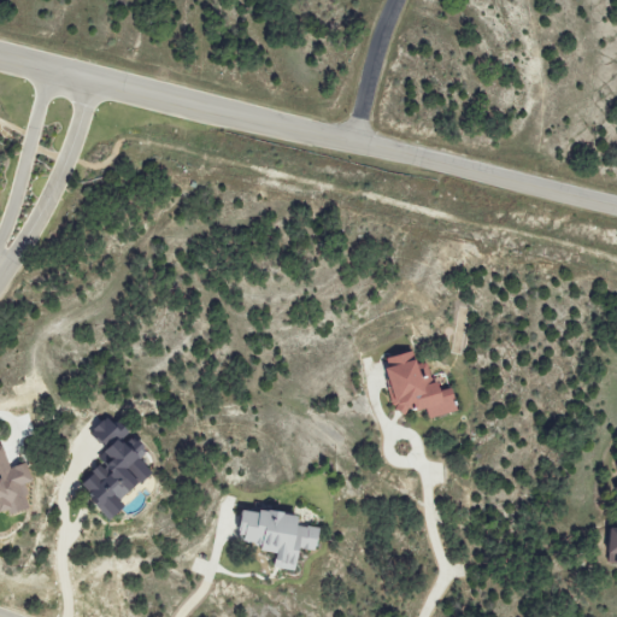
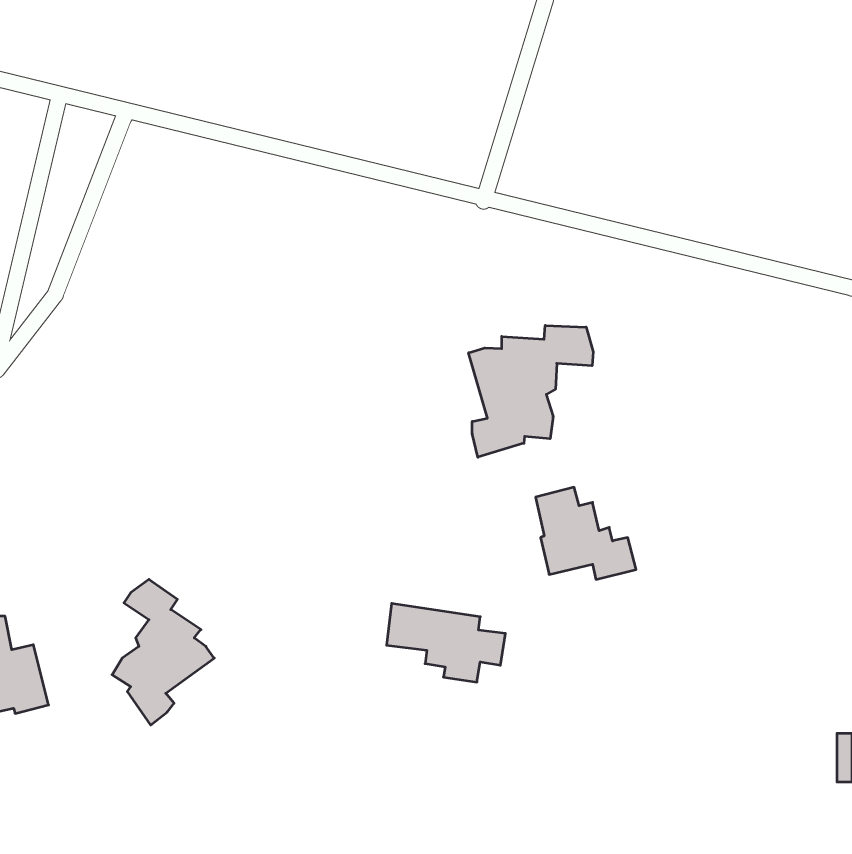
building: none -> [469,325,593,457]
building: [235,506,321,563] -> [387,603,505,682]

